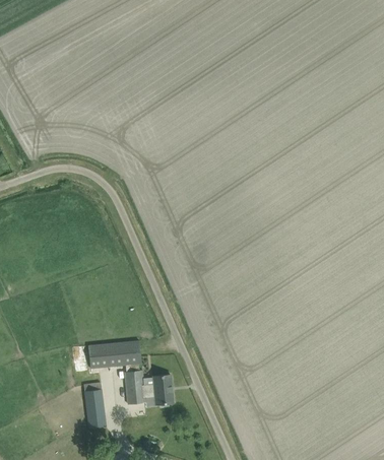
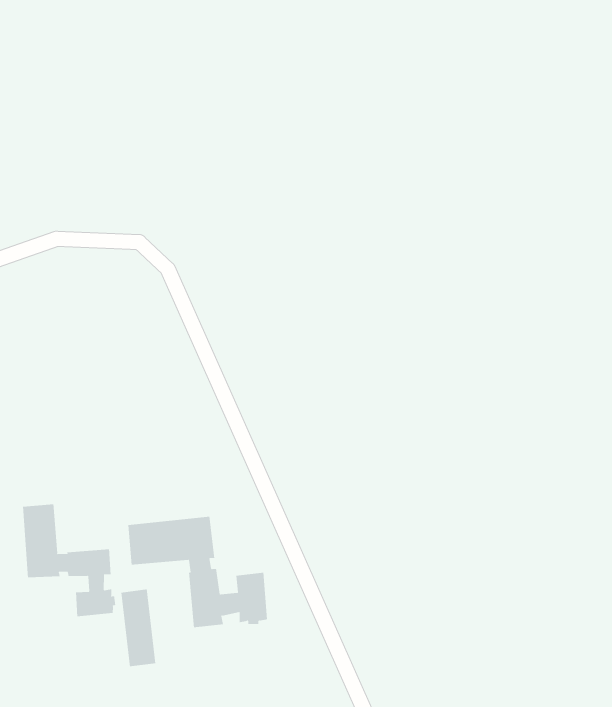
building: none -> [23,503,116,617]

